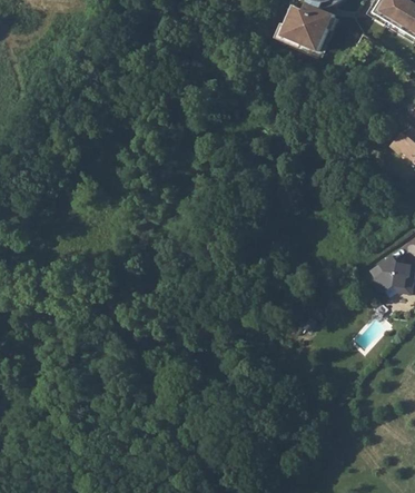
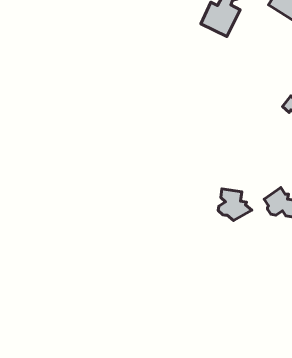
building: none -> [218,189,252,221]

